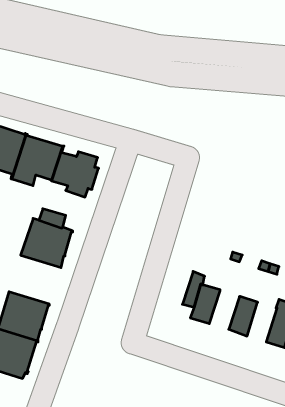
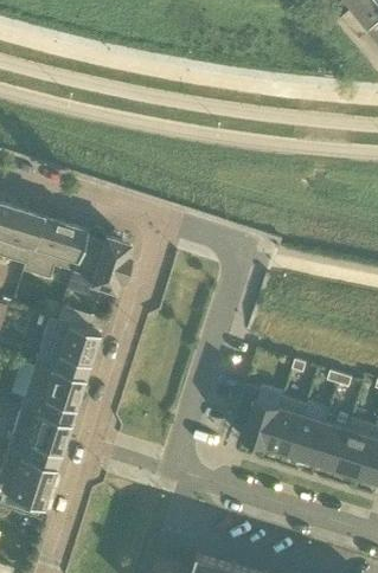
building: none -> [19,363,83,424]
building: none -> [265,395,307,455]
building: none -> [312,421,348,470]

